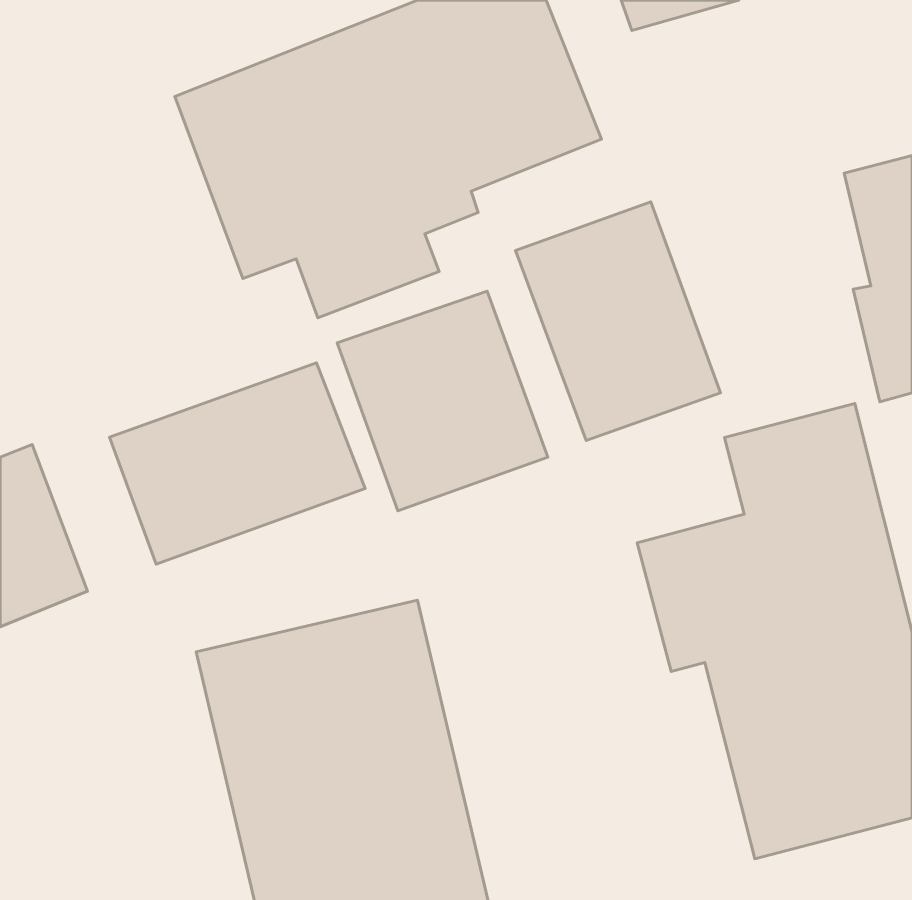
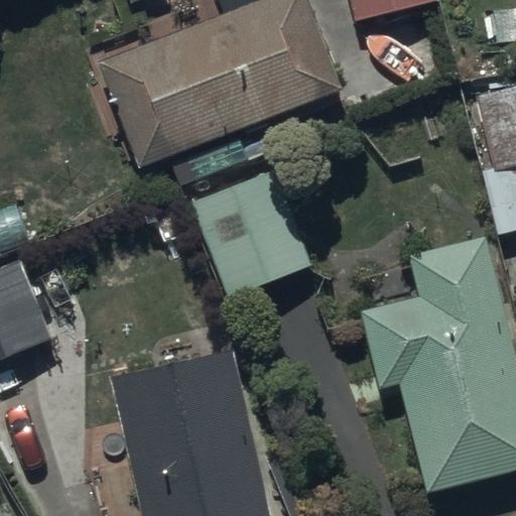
building: [516,202,720,441] -> none
building: [109,363,365,564] -> none

